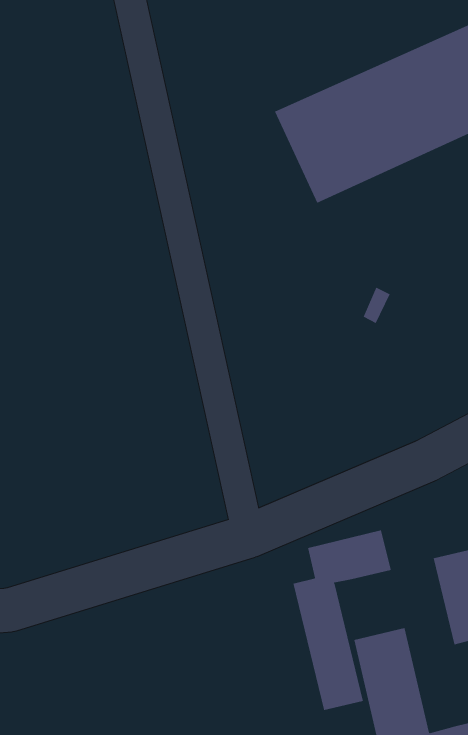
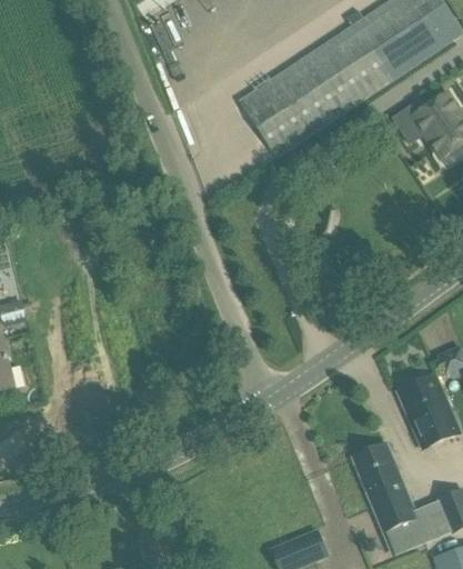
building: [293,529,391,711] -> none

